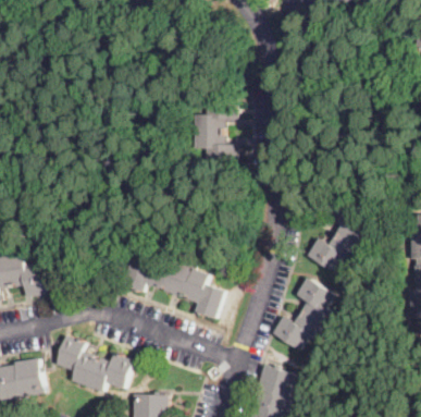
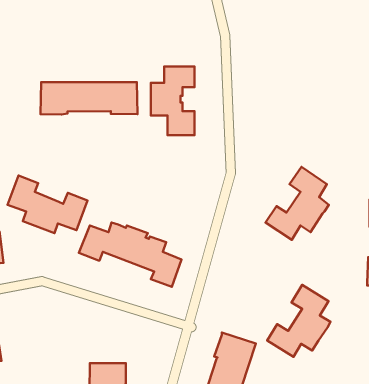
building: none -> [41,82,138,114]
building: [272,278,335,349] -> [267,285,331,357]
building: [54,335,134,393] -> [8,176,87,233]

